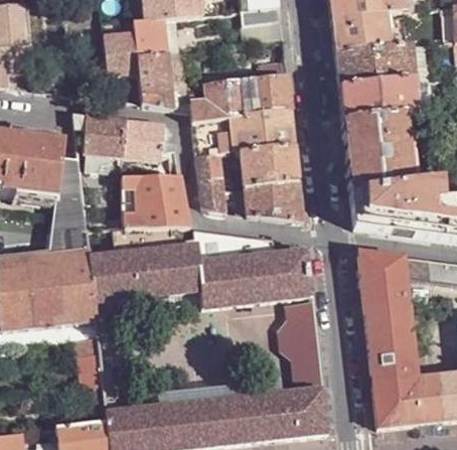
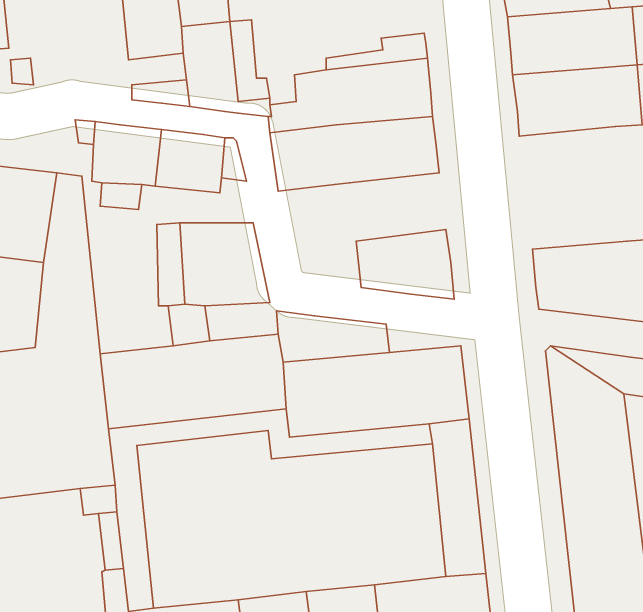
building: [342,116,408,190] -> none
building: [240,144,298,185] -> none
building: [196,151,235,210] -> none

